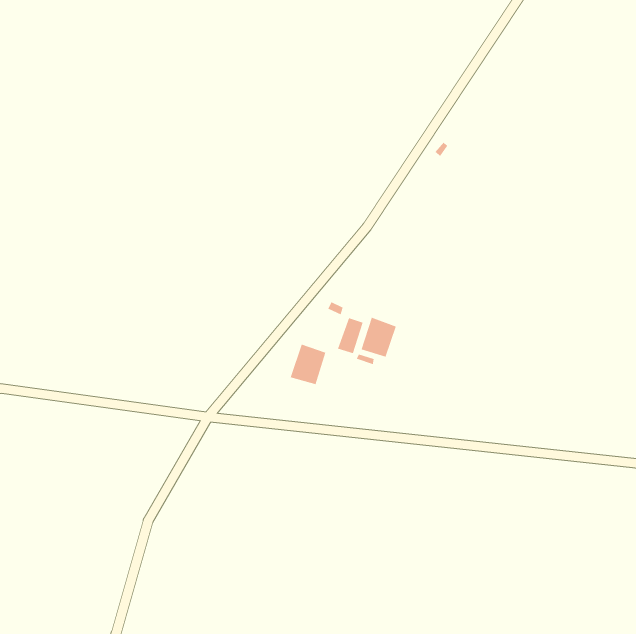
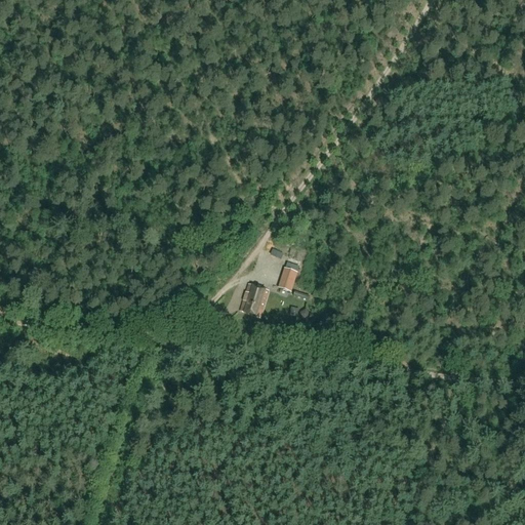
building: [361,317,397,357] -> none

